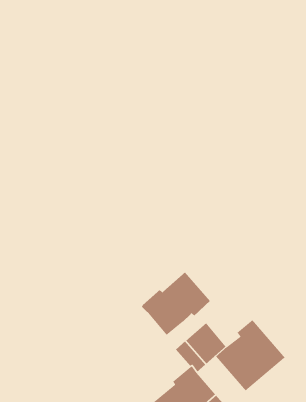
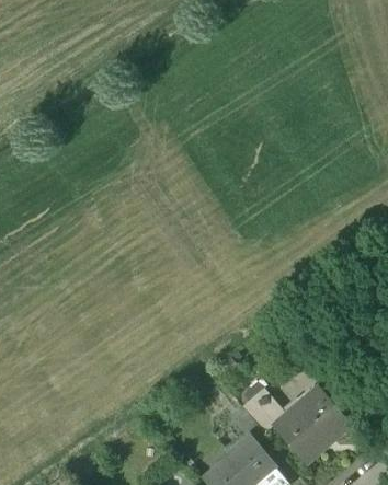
building: [141,272,211,336] -> none

